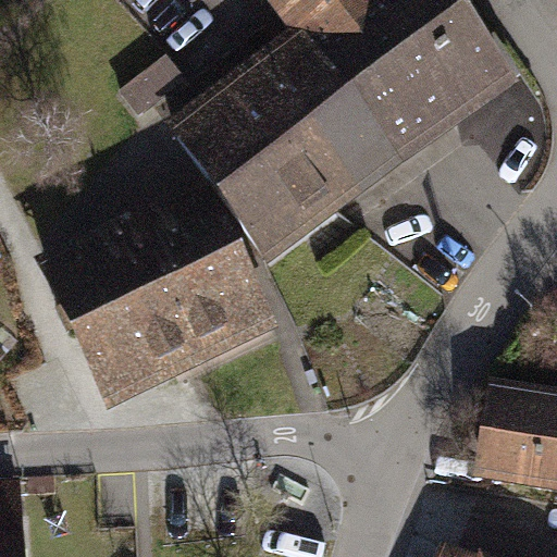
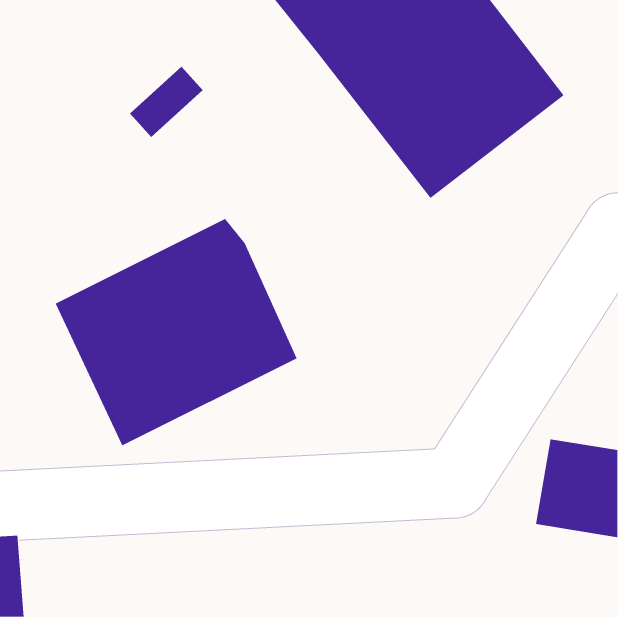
building: [175,49,384,261] -> none

